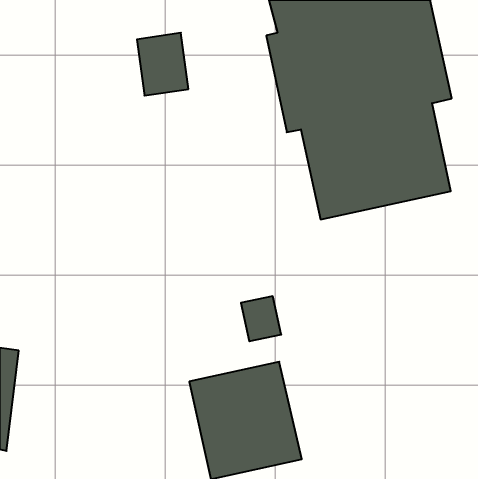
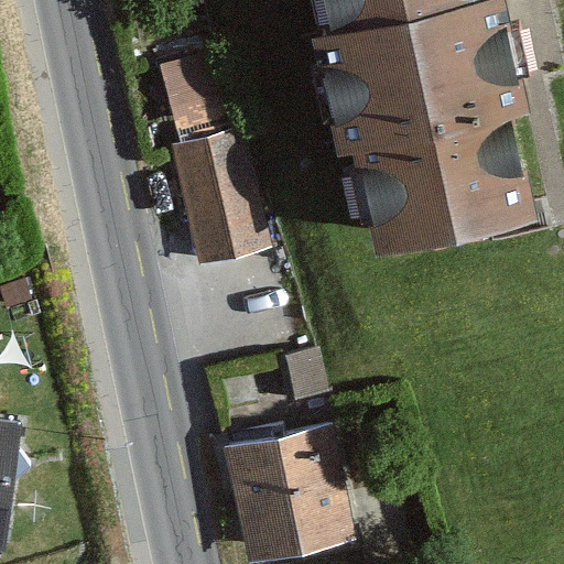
building: none -> [173,129,278,262]

